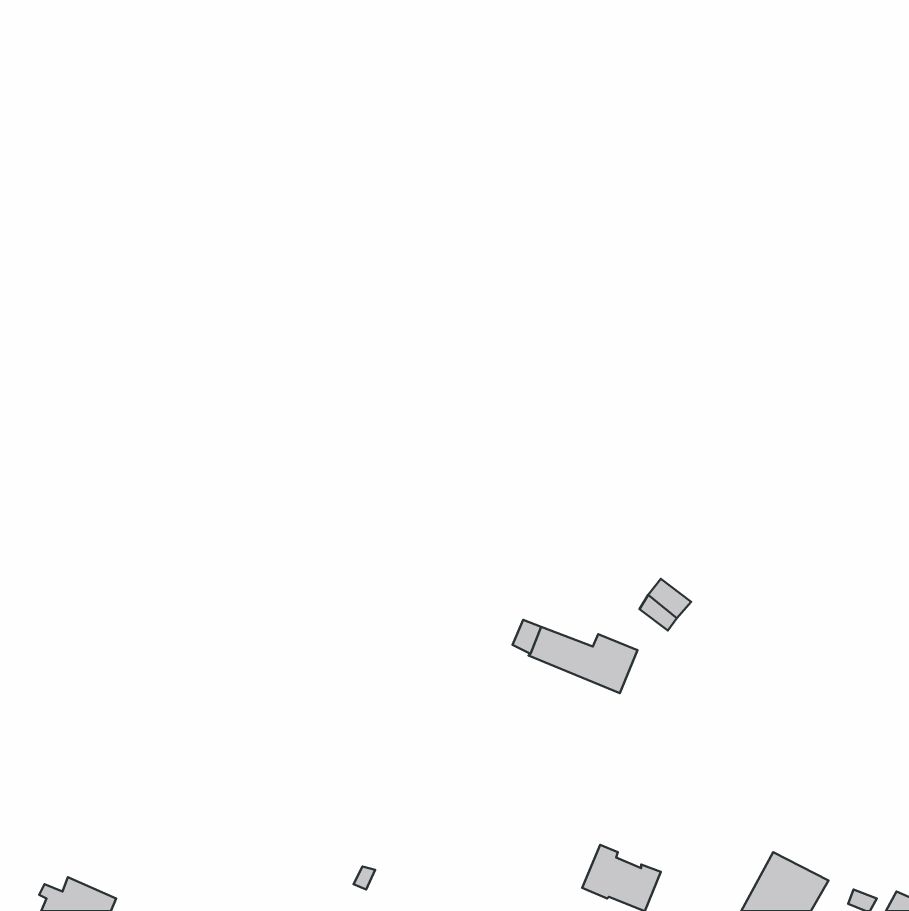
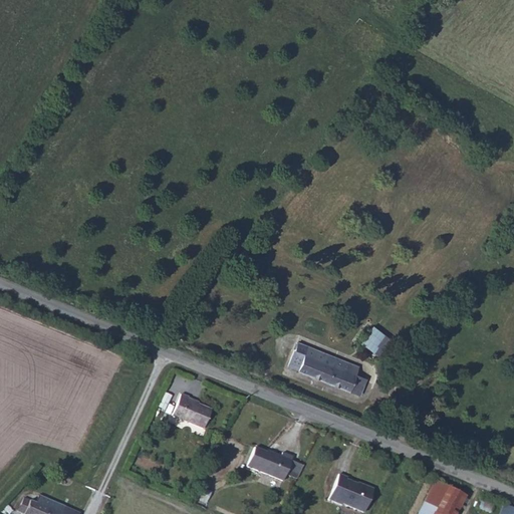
building: none -> [178,394,216,430]
building: none -> [250,449,294,481]

